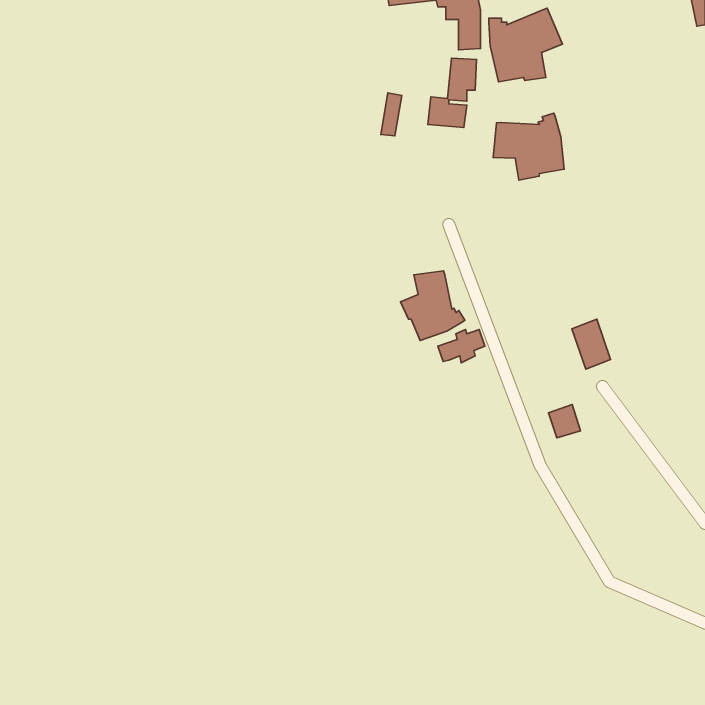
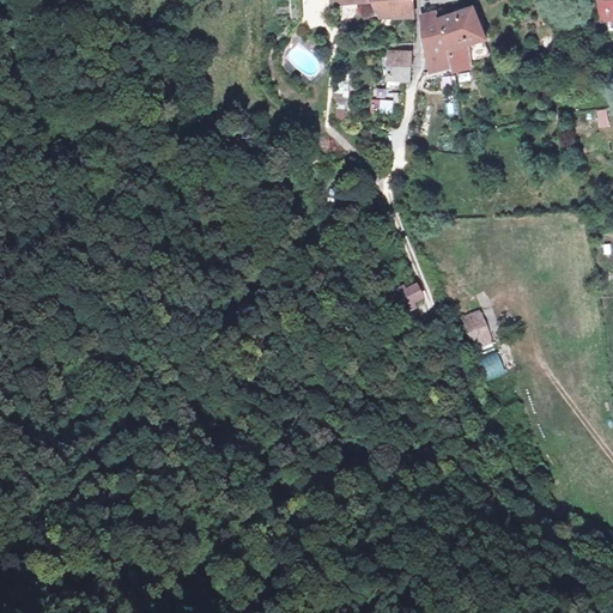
building: [493,113,564,180] -> none
building: [401,271,465,340] -> none
building: [572,319,611,369] -> [457,305,491,348]

